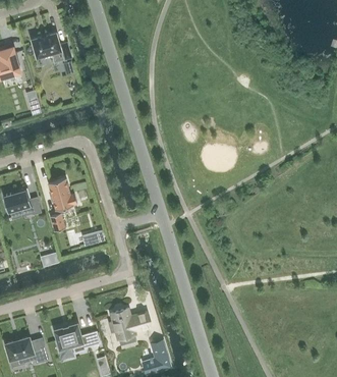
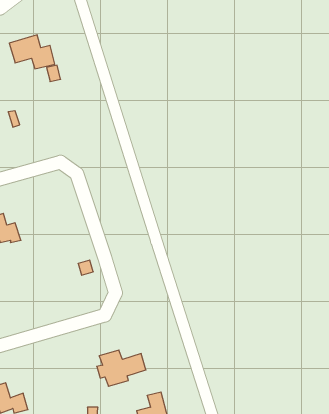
building: [48,178,76,232] -> none
building: [53,323,100,353] -> none

